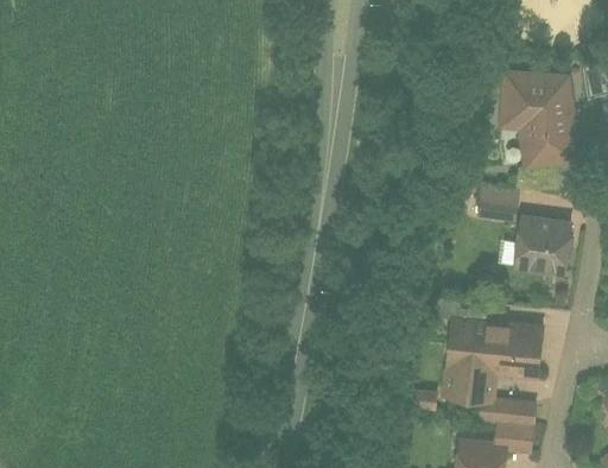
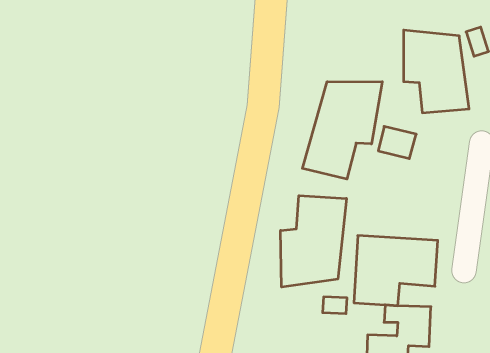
building: none -> [302,82,382,179]
building: [514,215,574,277] -> none
building: none -> [281,196,346,287]

